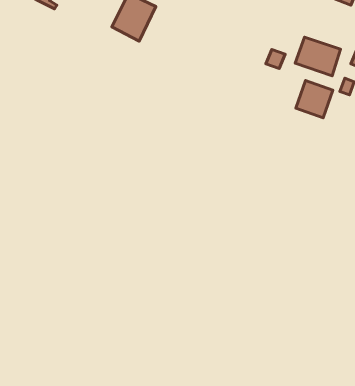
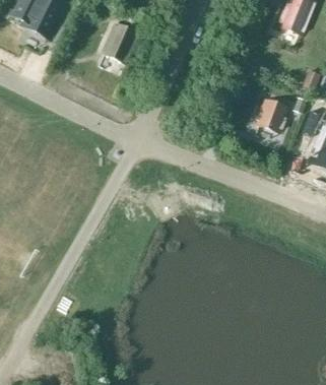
building: [295,37,340,76] -> none

